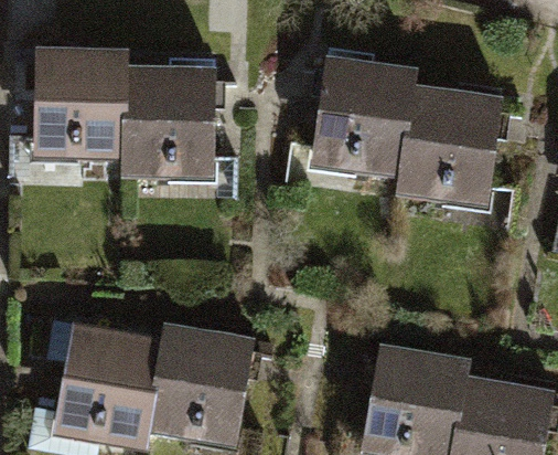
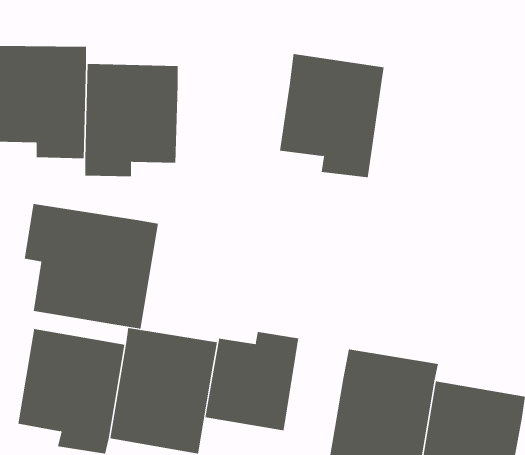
building: [398,85,502,201] -> none
building: none -> [24,203,159,330]
building: none -> [205,331,299,431]

